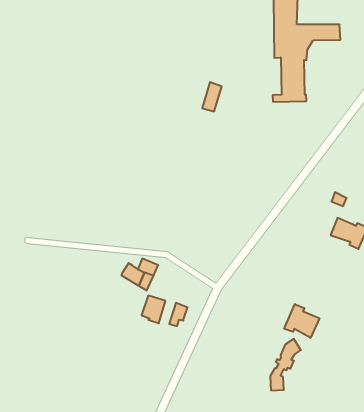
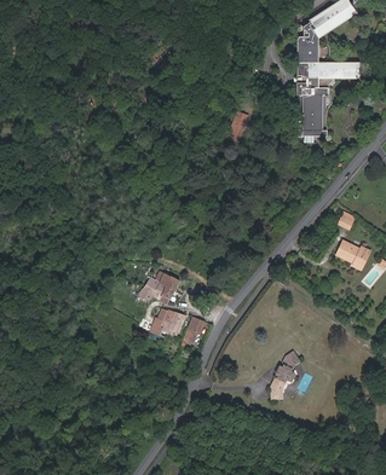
building: [284,304,319,338] -> none

